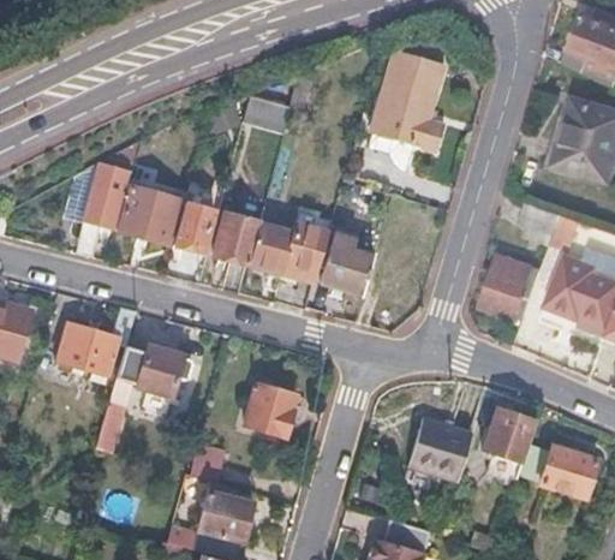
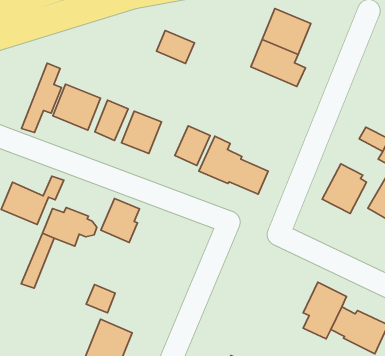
building: [247,219,293,272] -> none
building: [246,383,294,440] -> [101,199,139,243]
building: [407,416,471,479] -> none

